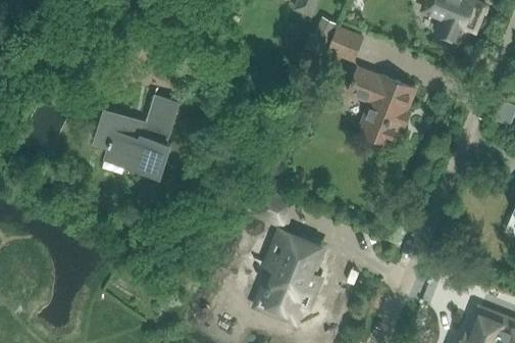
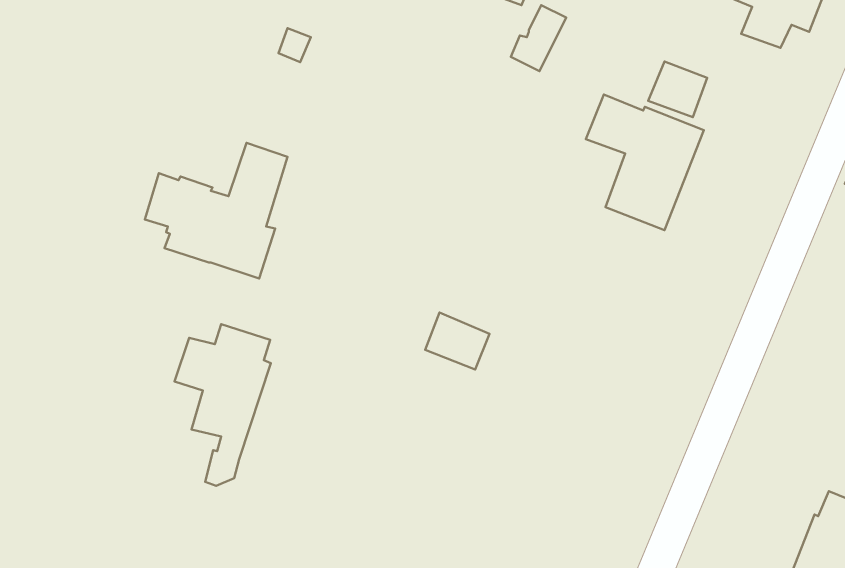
building: [328,29,362,60] -> [648,62,707,117]
building: none -> [174,324,271,486]
building: [257,231,323,323] -> none

